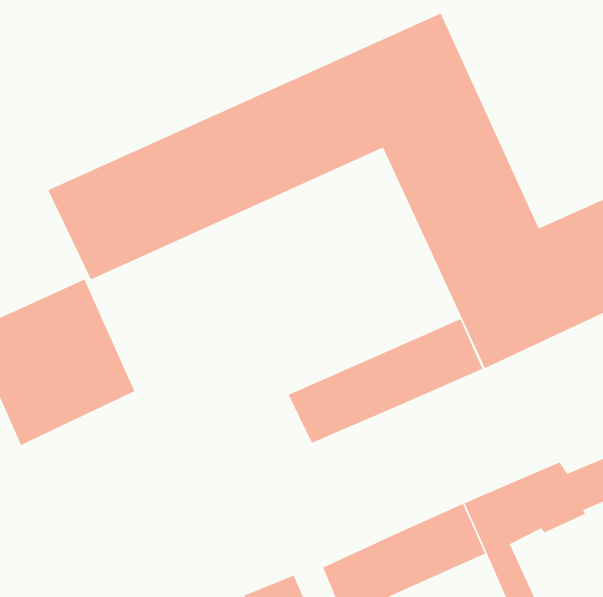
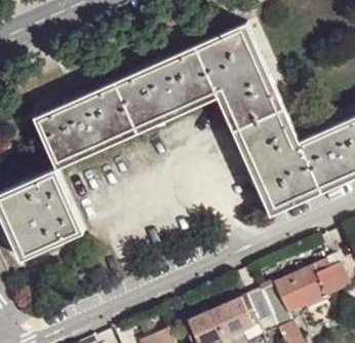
building: [287,318,483,444] -> none

